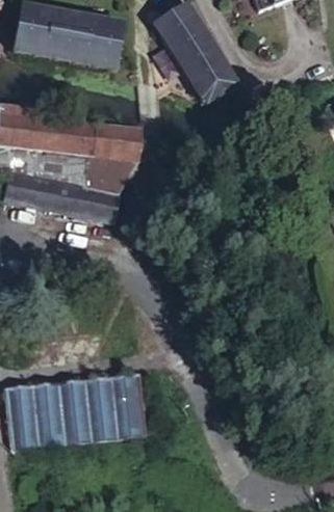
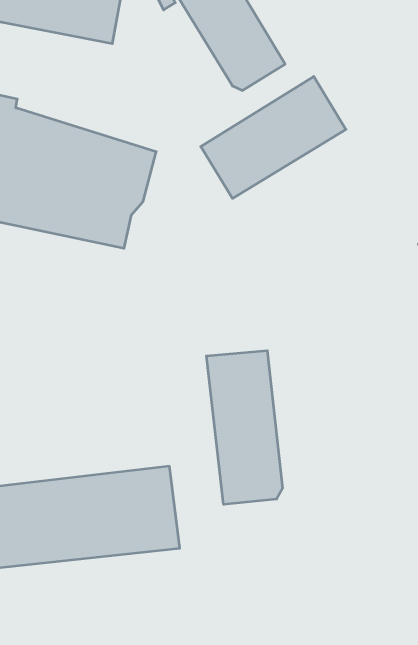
building: none -> [201,76,346,198]
building: none -> [206,351,282,504]

